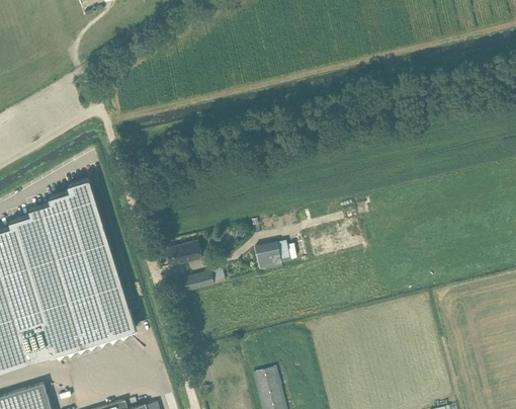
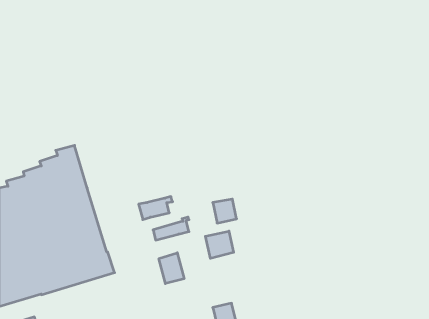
building: none -> [205,231,234,258]
building: none -> [159,253,184,284]

